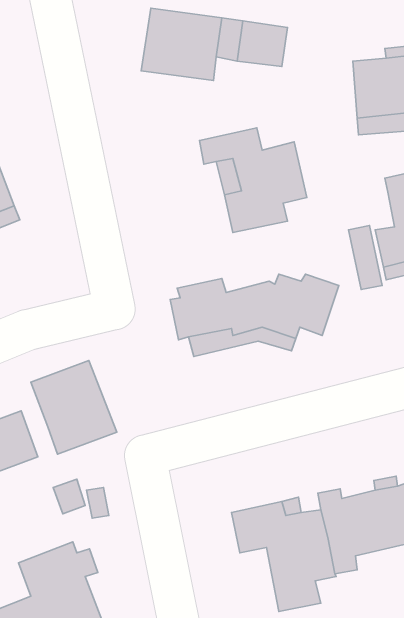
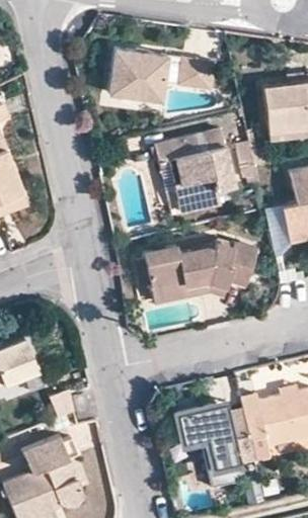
building: [31,360,117,454] -> none

